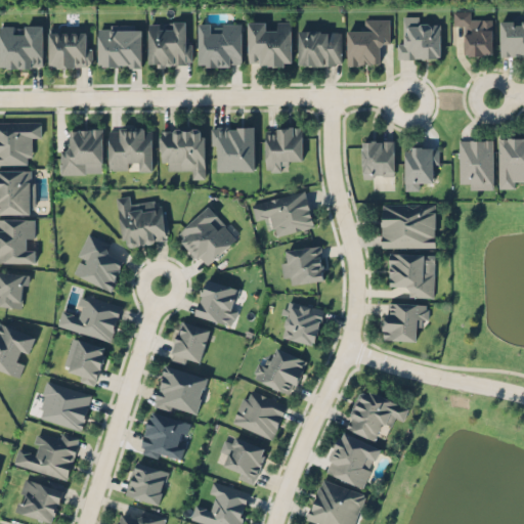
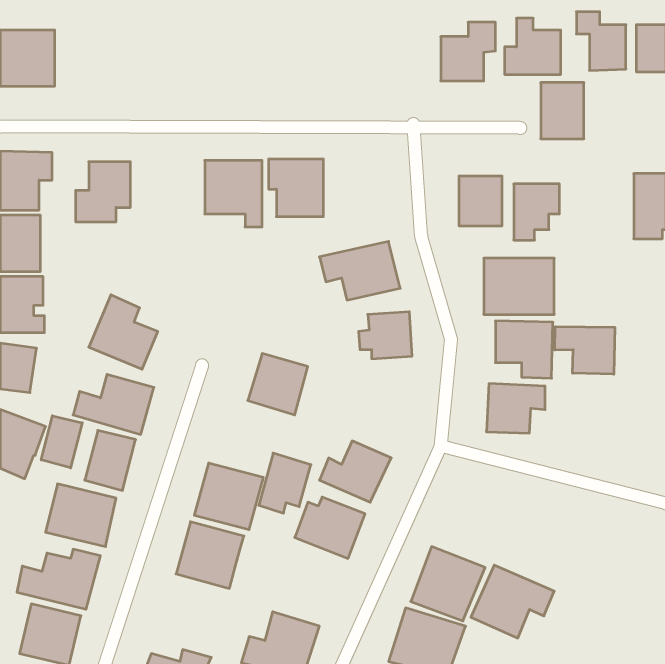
building: [148,21,192,67] -> none
building: [248,23,292,68] -> none
building: [199,25,243,68] -> none
building: [98,26,142,69] -> none
building: [49,29,92,69] -> none
building: [298,31,342,67] -> none
building: [108,127,152,172] -> none
building: [266,127,303,172] -> none
building: [460,140,493,184] -> [541,83,584,139]
building: [118,196,170,248] -> none
building: [176,206,238,269] -> none
building: none -> [555,327,615,374]
building: [280,302,324,347] -> none
building: [170,320,211,367] -> [259,453,311,513]
building: none -> [41,416,82,468]
building: [344,387,409,444] -> [471,565,554,638]
building: [222,437,268,484] -> none
building: [126,462,170,506] -> none

